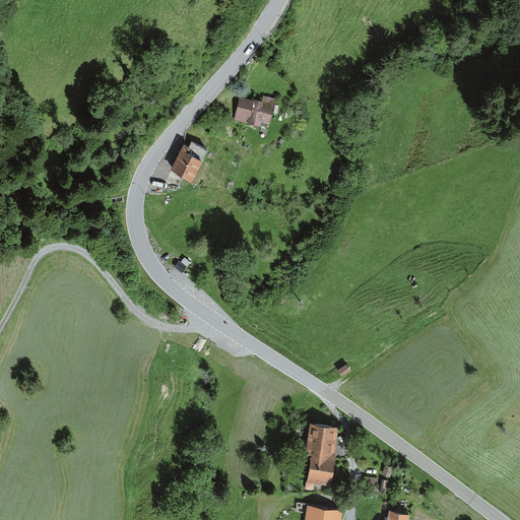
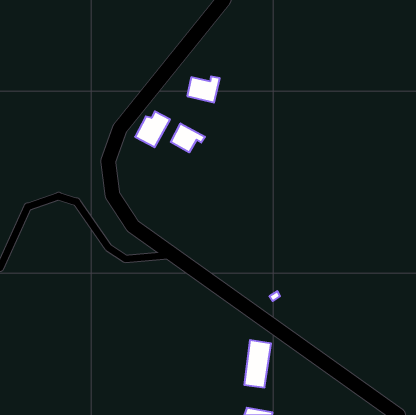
building: none -> [171,123,205,152]

